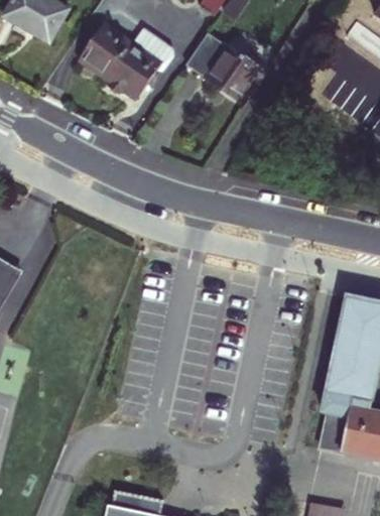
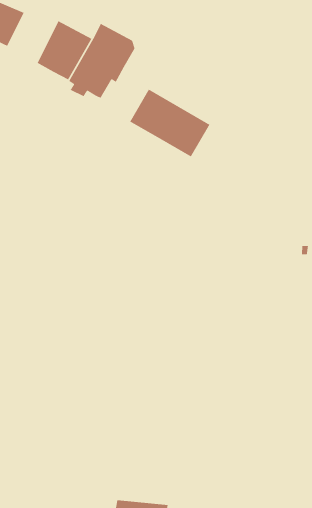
building: [189,35,267,105] -> [129,89,211,158]

